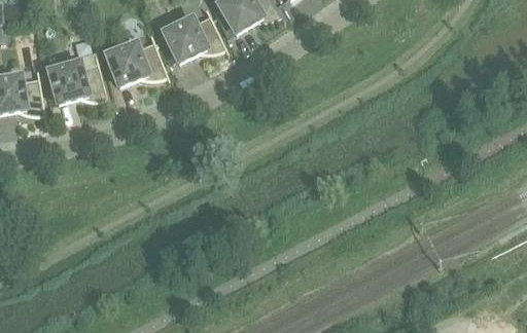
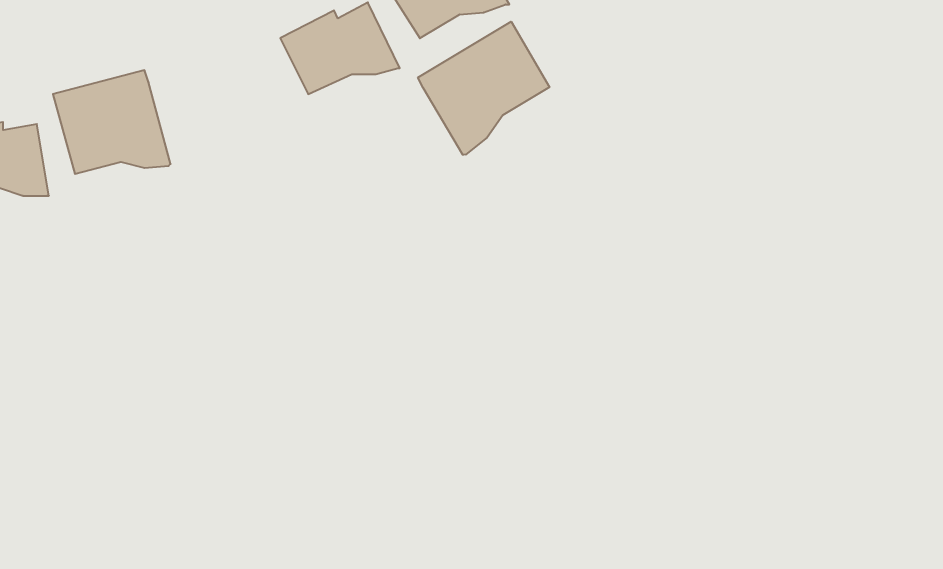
building: none -> [418,22,549,155]
building: [106,42,166,86] -> none

